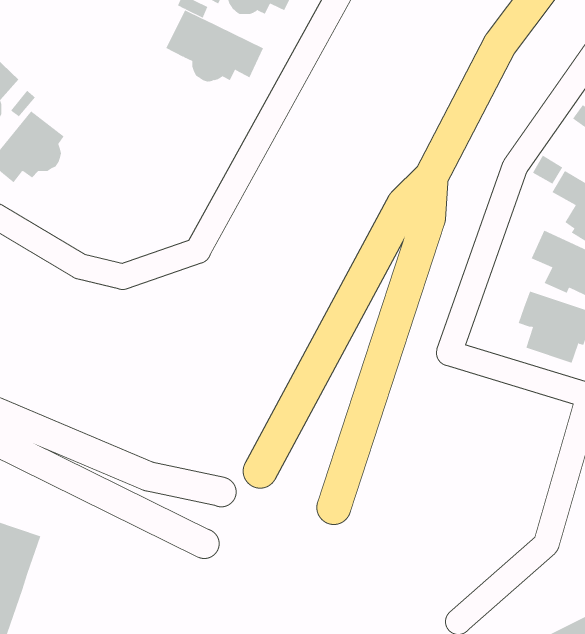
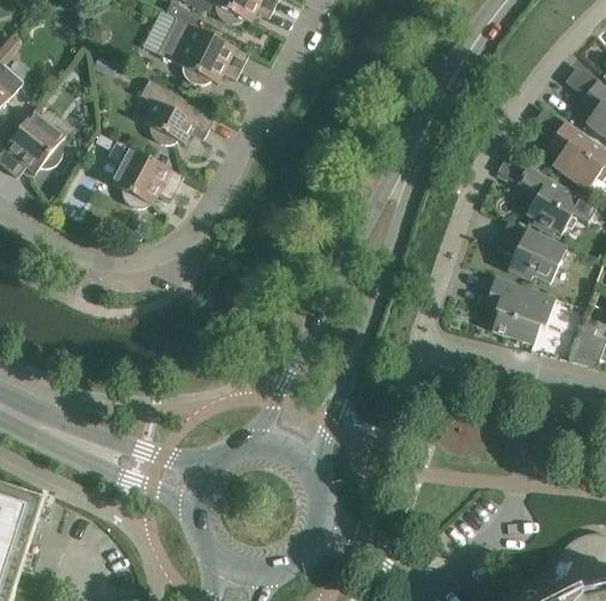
building: none -> [140,78,217,142]
building: none -> [108,139,183,207]

